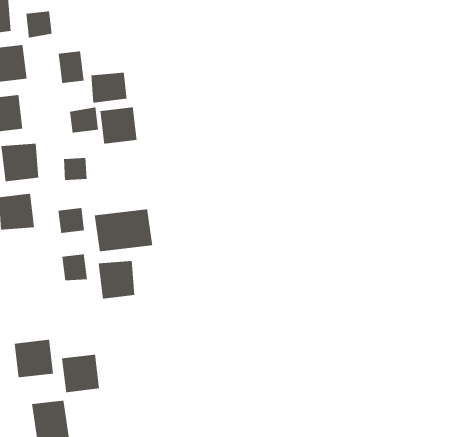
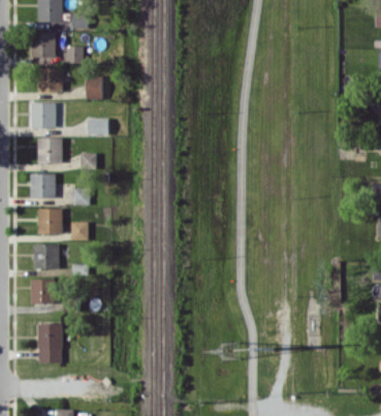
building: [91,72,127,103] -> none
building: [100,106,137,144] -> none
building: [94,208,153,252] -> none
building: [98,261,135,299] -> [38,207,63,233]
building: [61,354,100,393] -> [34,244,59,268]

